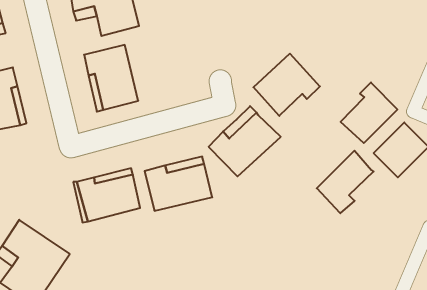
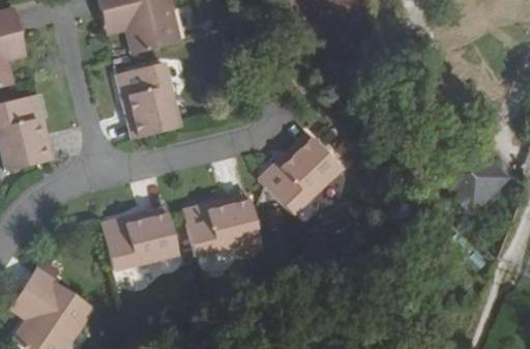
building: [253,54,320,116] -> none
building: [341,82,397,143] -> none
building: [317,151,374,213] -> none

